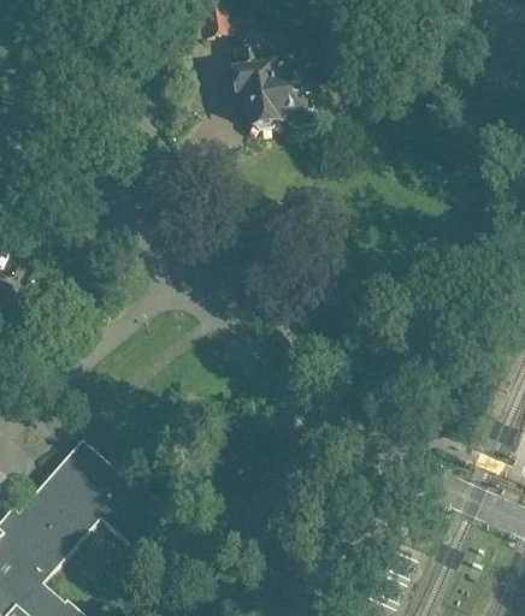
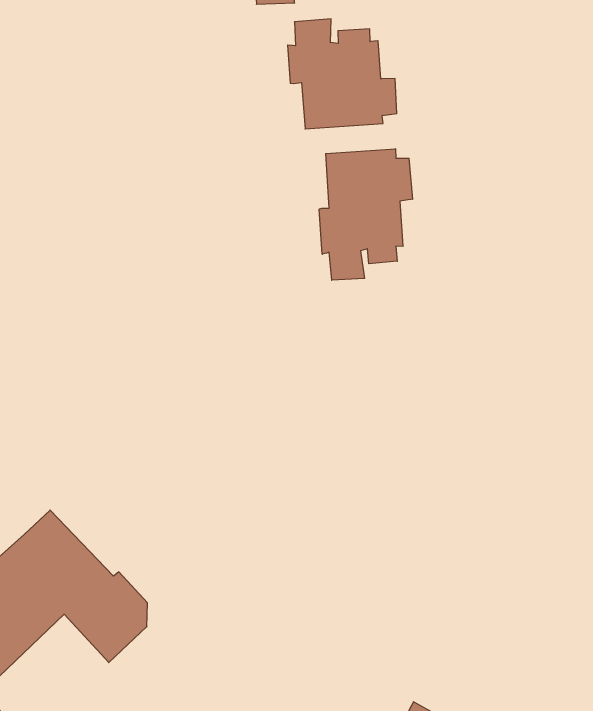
building: none -> [319,149,413,280]

